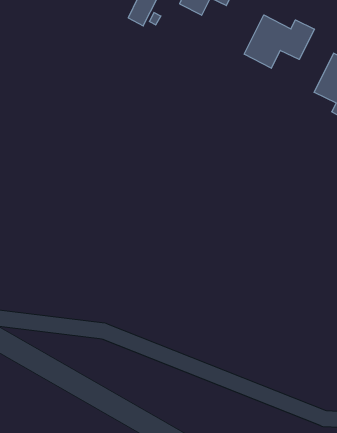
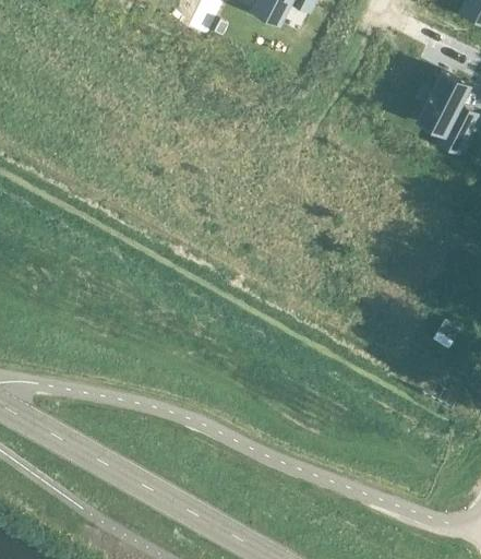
building: [244,15,314,68] -> none

